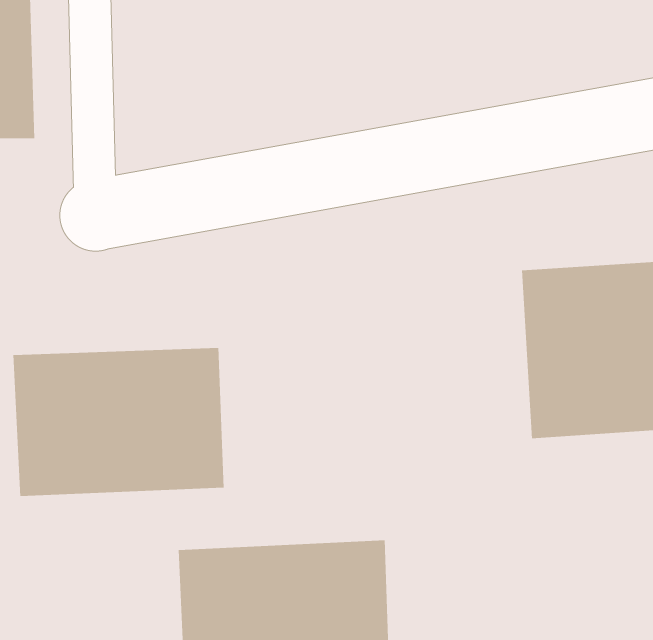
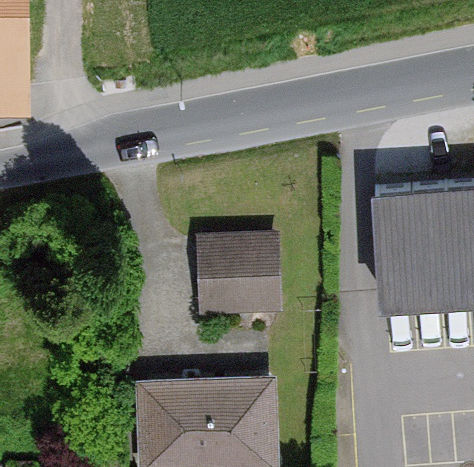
building: none -> [187,238,282,319]
building: [13,347,224,497] -> none

